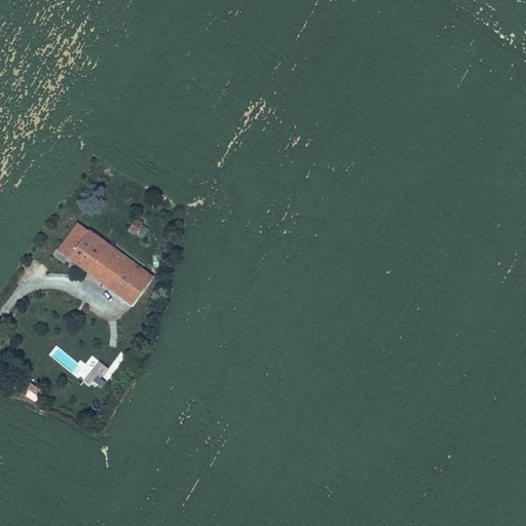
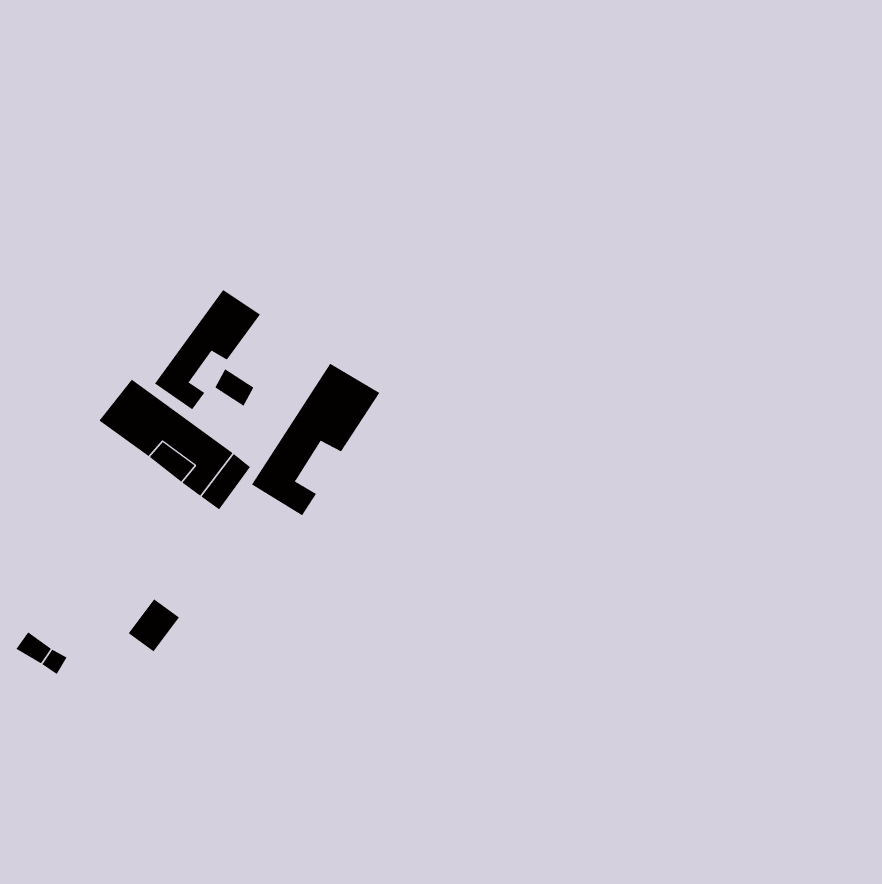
building: none -> [154,289,261,410]
building: none -> [251,363,380,516]

